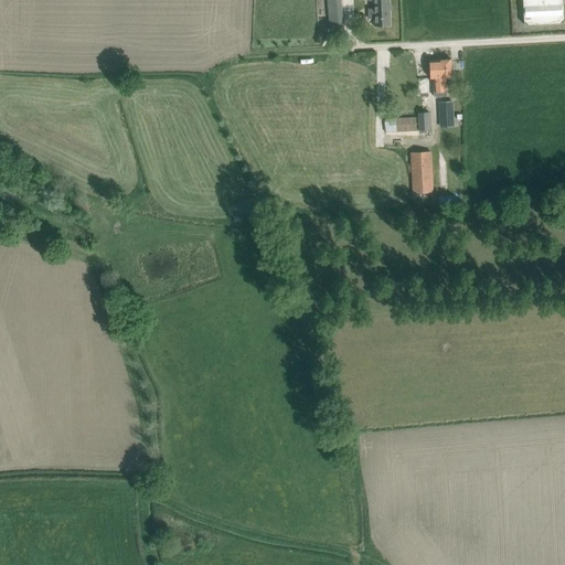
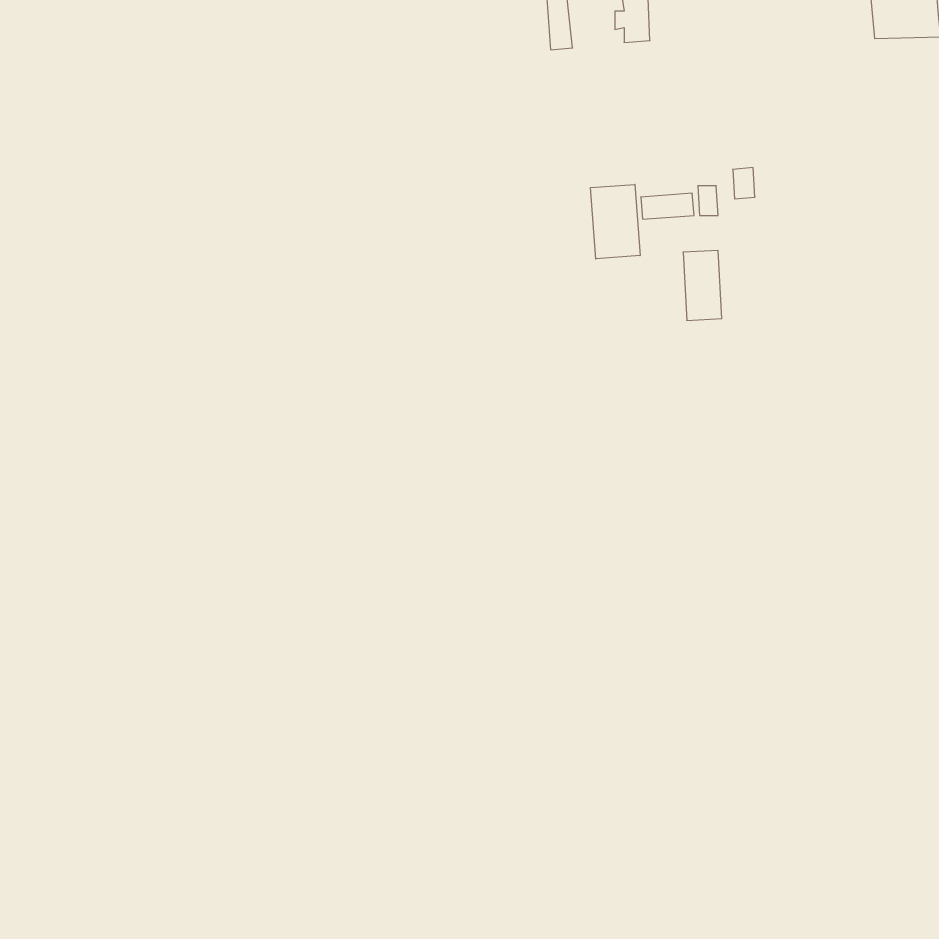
building: [430,58,454,90] -> none
building: none -> [591,184,640,259]

